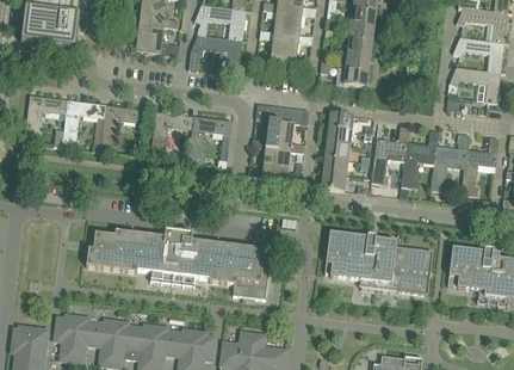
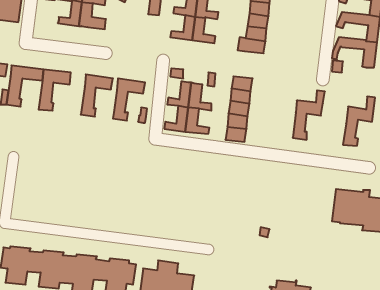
building: [188,33,242,75] -> none
building: [371,125,409,184] -> none
building: [431,132,469,191] -> none
building: [86,228,271,298] -> none
building: [324,230,433,294] -> none

